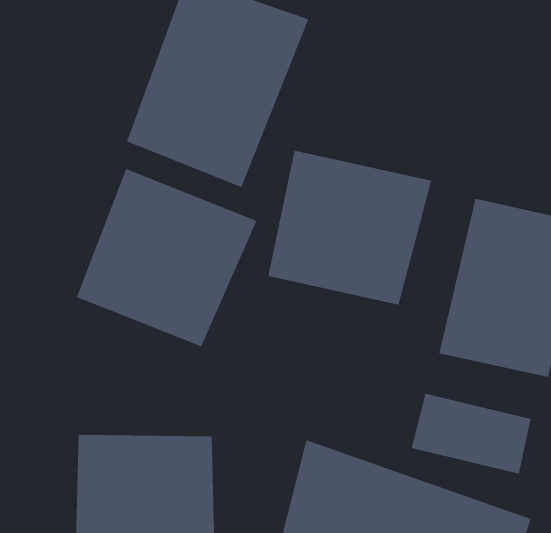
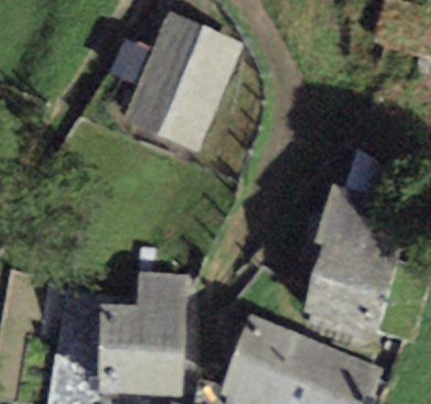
building: [268,150,432,306] -> none
building: [76,168,257,347] -> none

